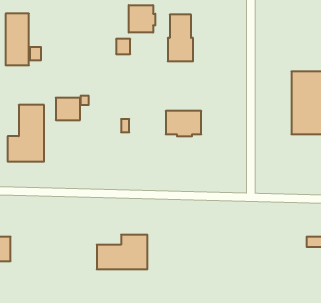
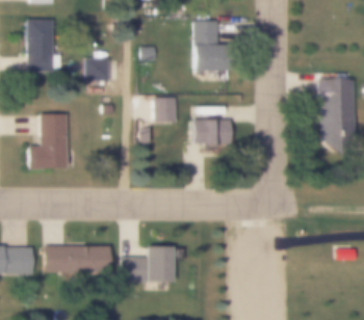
building: [129,5,155,33] -> none
building: none -> [155,97,177,123]
building: [56,98,80,120] -> [85,58,110,81]
building: none -> [45,245,109,272]

